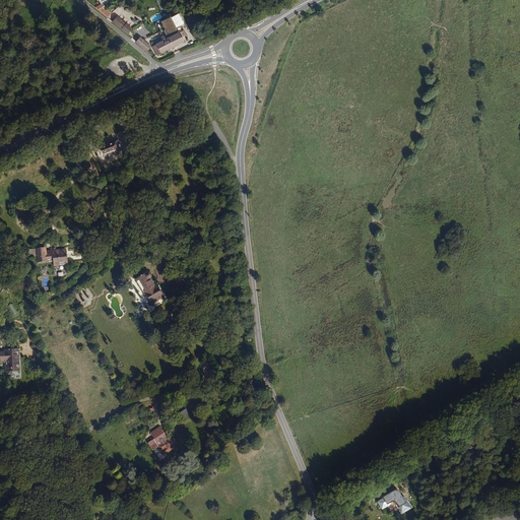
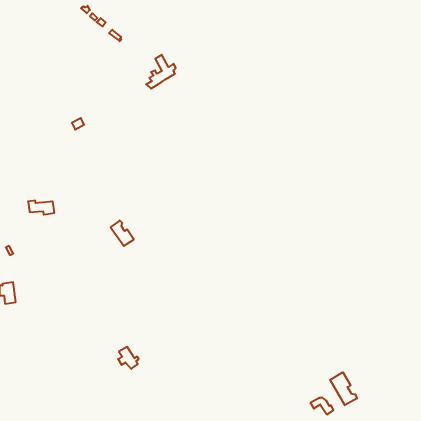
building: [148,16,185,58] -> [146,55,176,89]
building: none -> [330,372,357,405]

